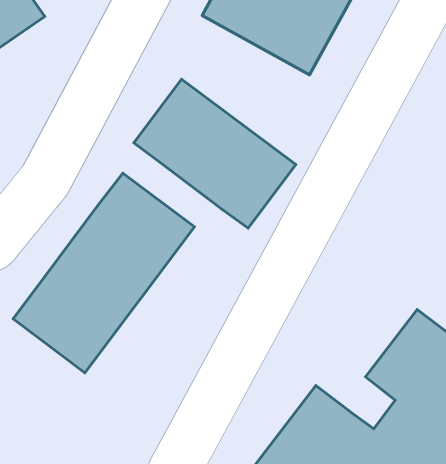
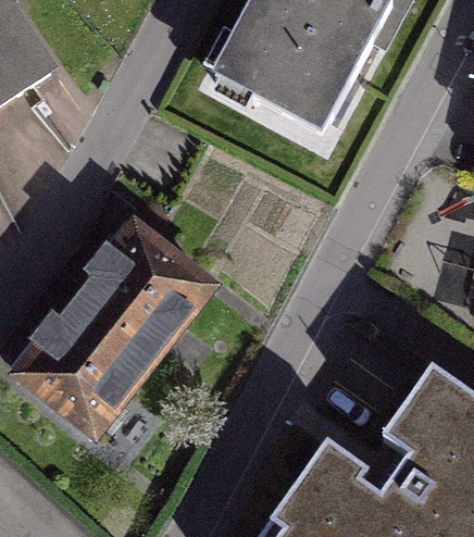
building: [134,79,296,228] -> none

